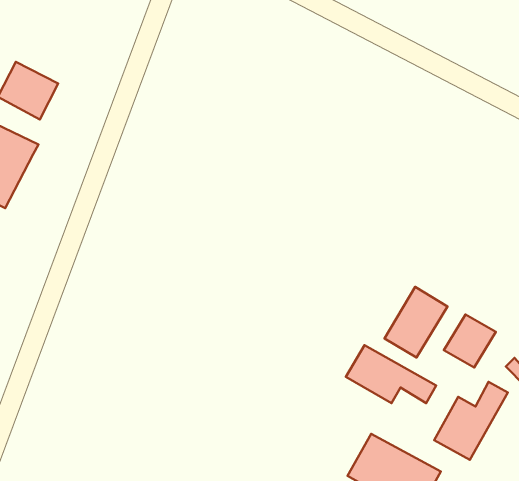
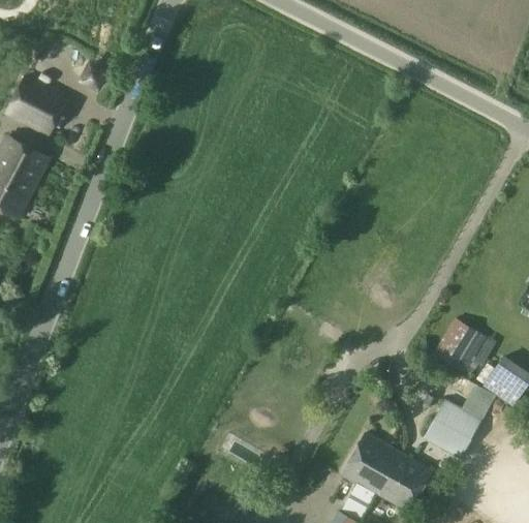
building: [385,287,448,357] -> none
building: [346,345,436,403] -> none

